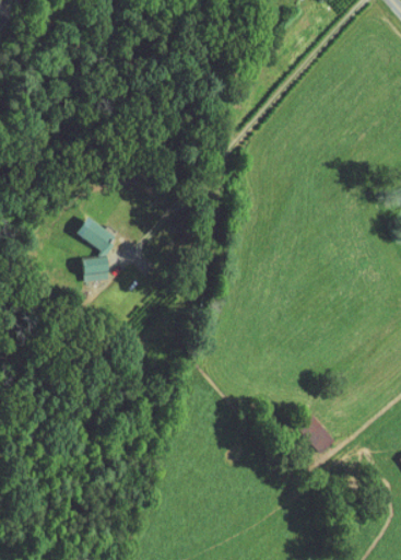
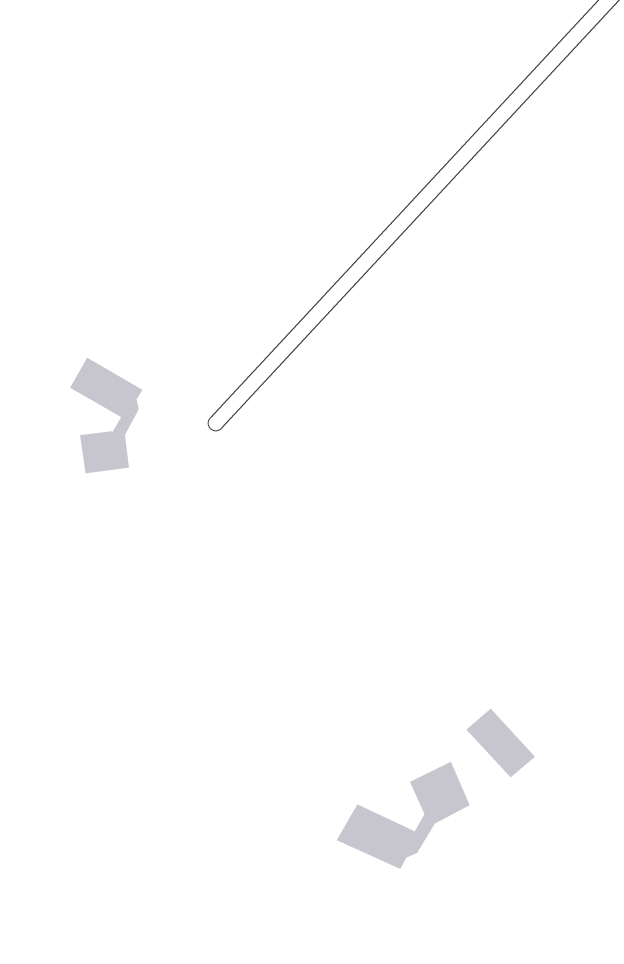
building: none -> [336,761,470,870]

